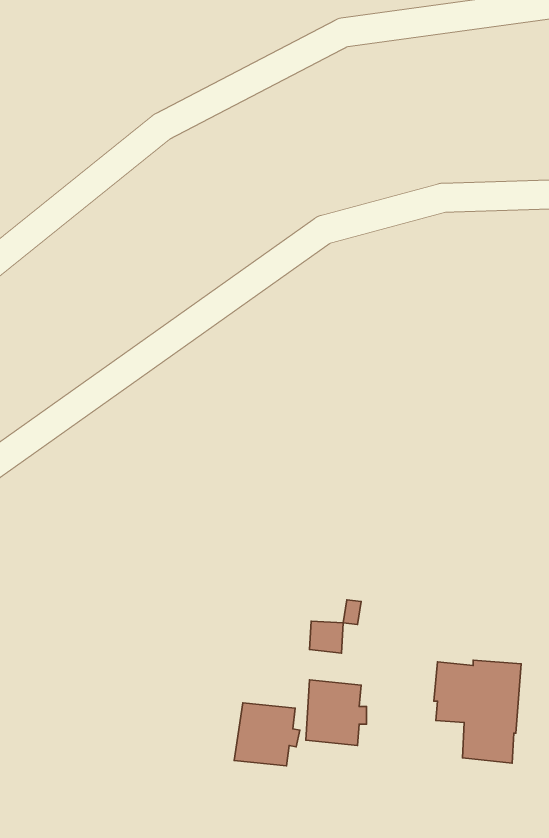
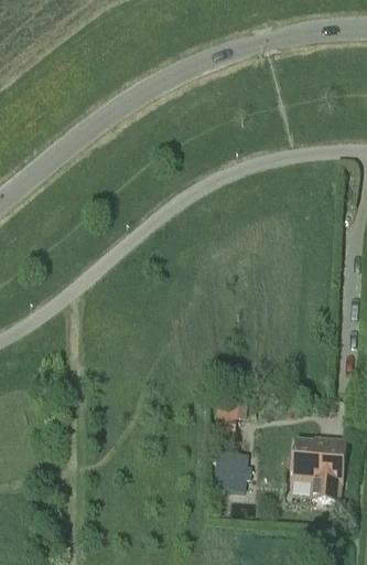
building: [234,703,300,766] -> none

